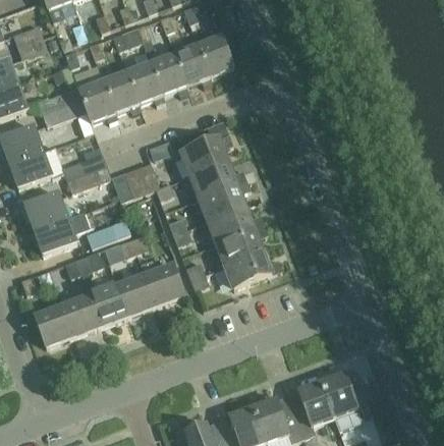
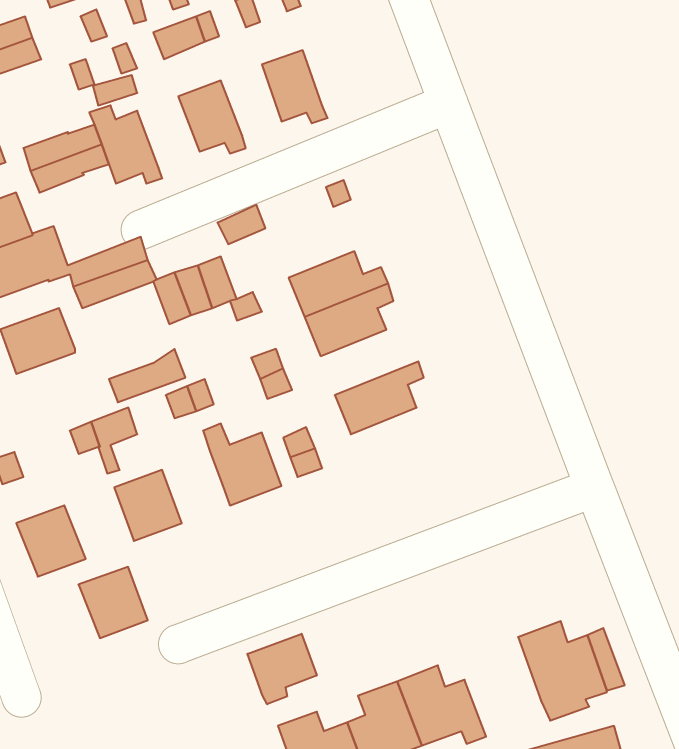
building: [197,36,234,77] -> none
building: [150,53,187,95] -> none
building: [102,71,140,113] -> none
building: [180,133,231,175] -> none
building: [207,205,263,242] -> none
building: [33,210,89,255] -> none
building: [224,249,280,288] -> none
building: [116,275,155,316] -> none
building: [60,295,100,336] -> [78,567,148,638]
building: none -> [247,634,317,704]
building: [289,381,333,438] -> none

